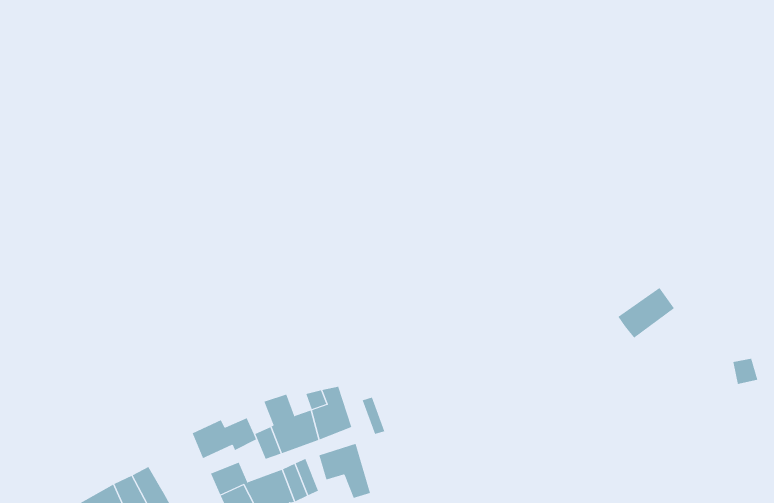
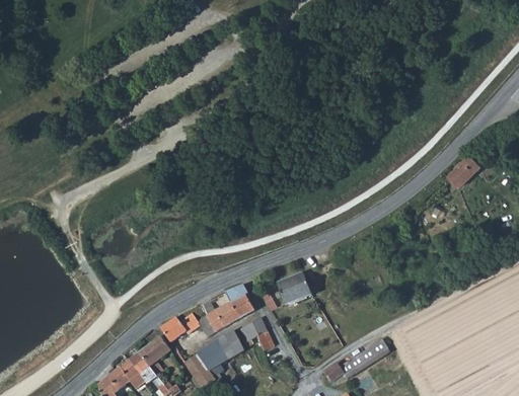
building: [617,287,675,338] -> [446,154,479,187]
building: none -> [277,272,310,304]
building: none -> [138,336,169,366]

